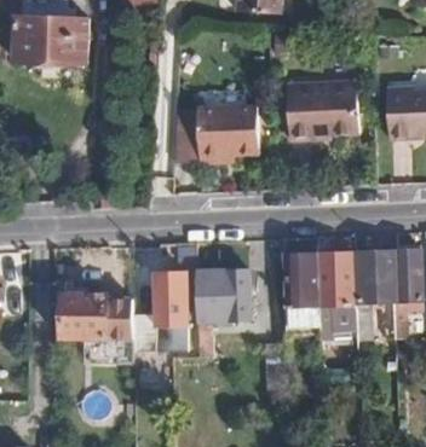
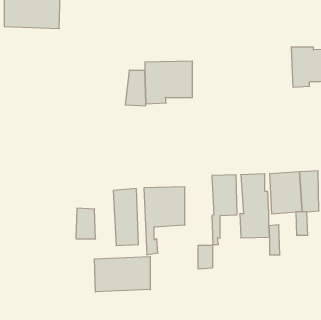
building: [284,82,358,141] -> none
building: [63,292,108,337] -> none
building: none -> [94,257,150,292]

